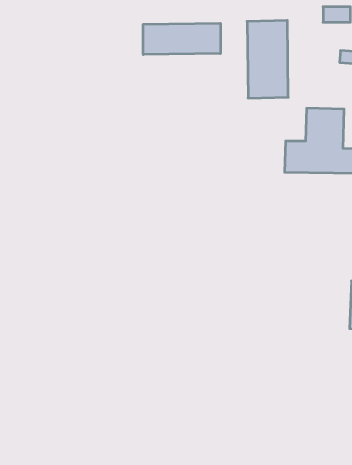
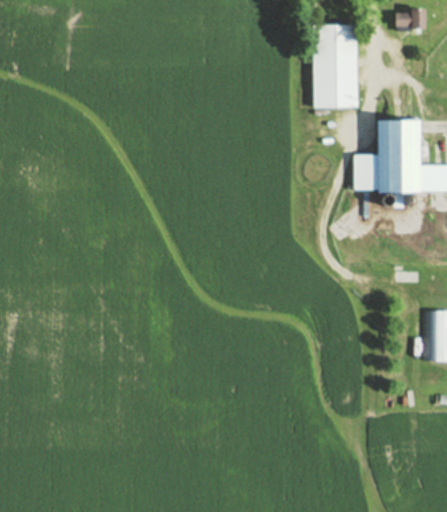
building: [143,23,220,55] -> none

